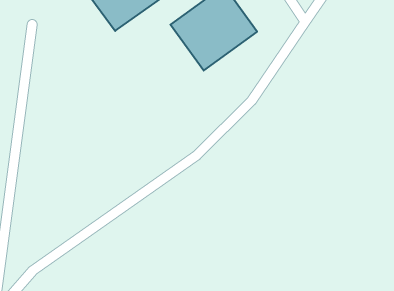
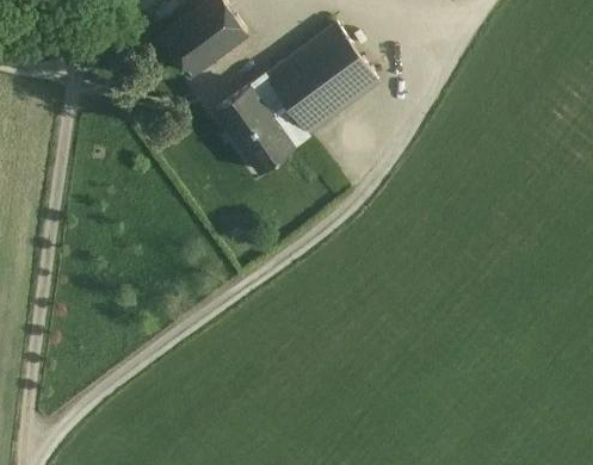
building: none -> [211,74,305,170]

